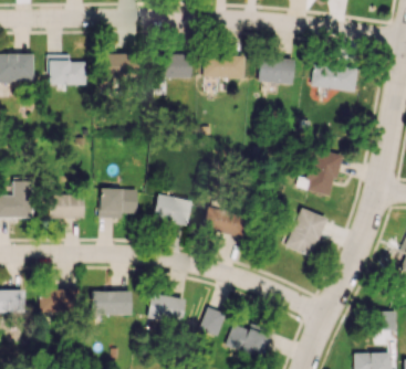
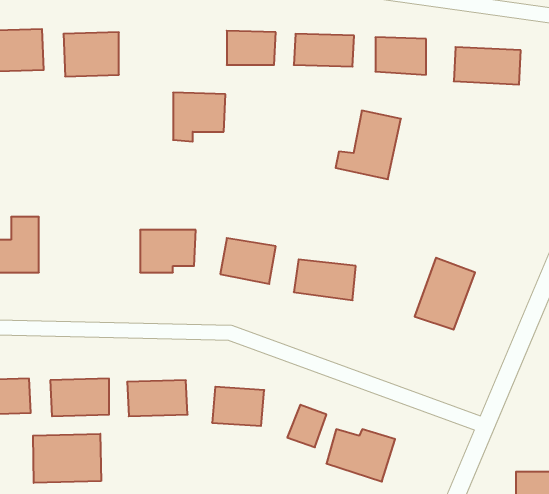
building: [104,53,139,86] -> [173,93,225,142]
building: [296,149,341,196] -> [336,111,401,179]
building: [49,194,83,219] -> none
building: none -> [33,434,101,483]

